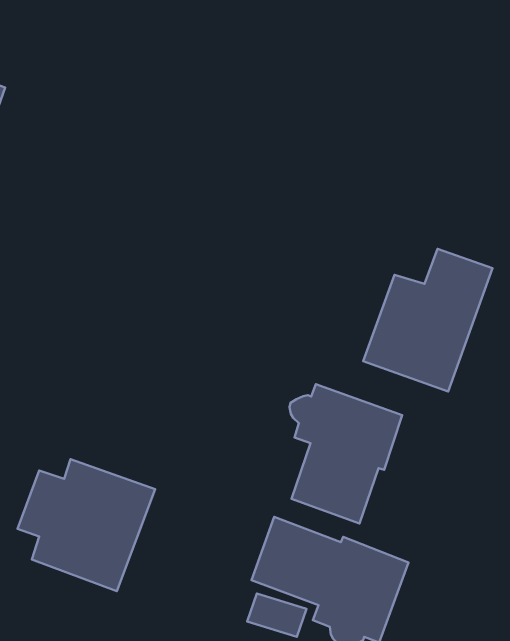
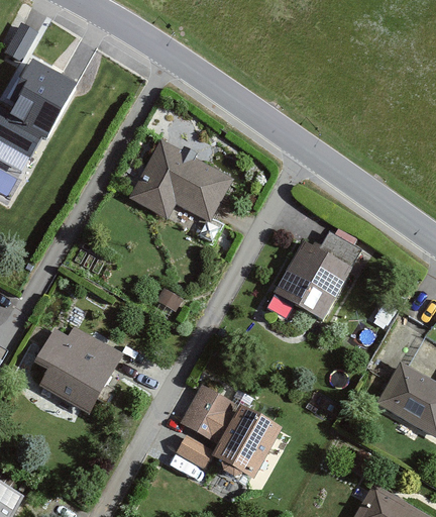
building: none -> [130,141,233,222]
building: [290,384,402,524] -> none

